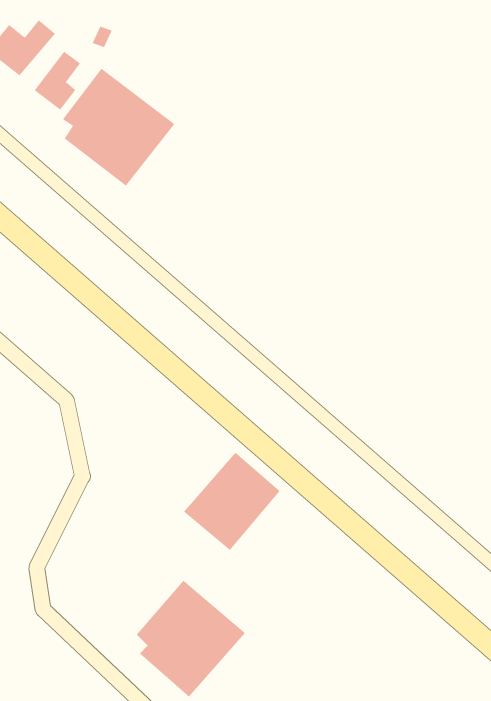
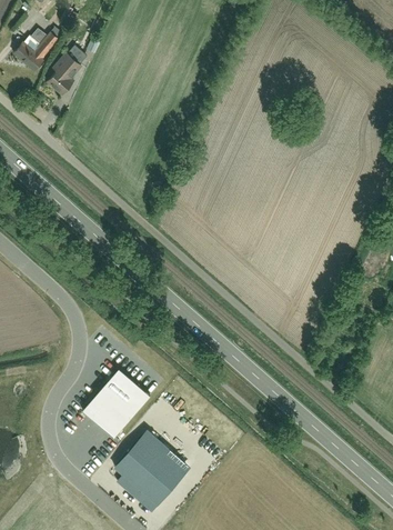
building: [62,68,175,187] -> none
building: [183,452,281,551] -> [82,368,151,438]

